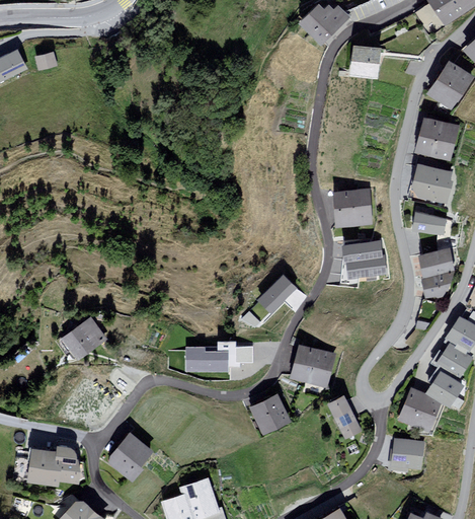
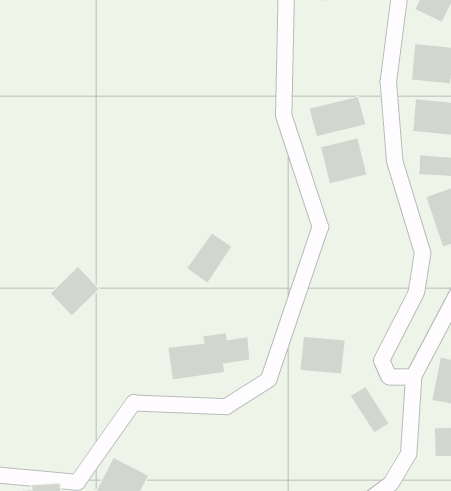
building: none -> [309,96,366,137]
building: [342,237,385,276] -> none
building: [256,271,297,312] -> [186,232,232,283]
building: [65,321,106,362] -> [50,266,100,316]
building: [251,397,288,435] -> none

